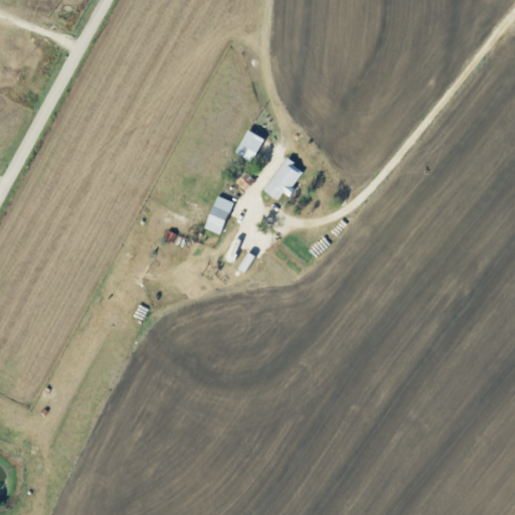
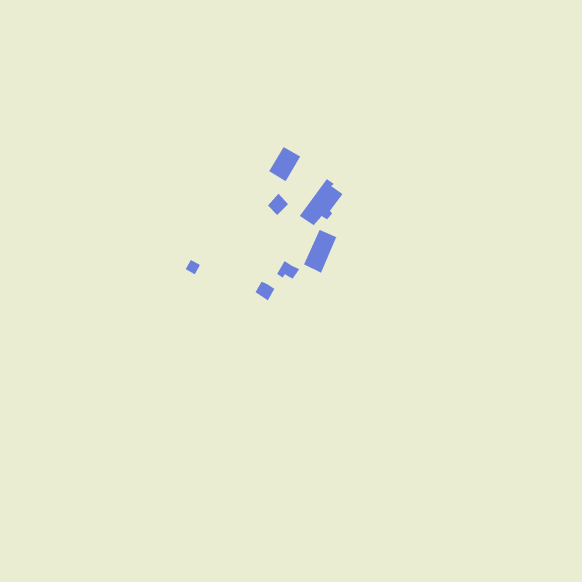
building: [203,195,233,234] -> [303,229,337,274]

